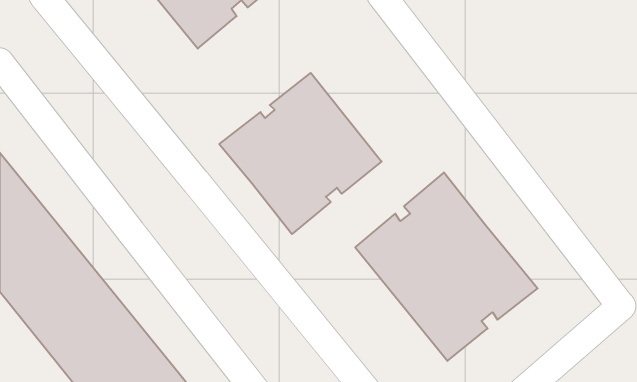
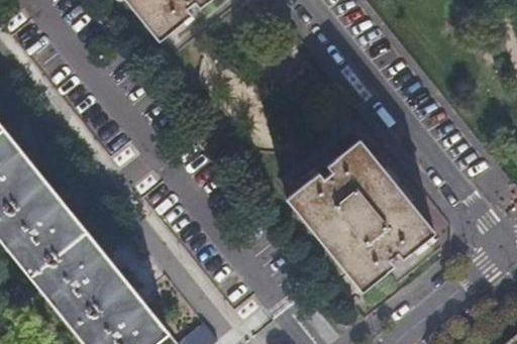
building: [219,73,382,234] -> none

